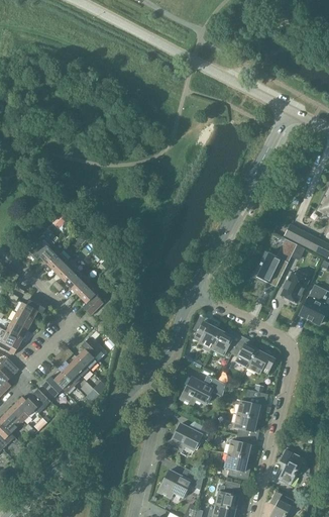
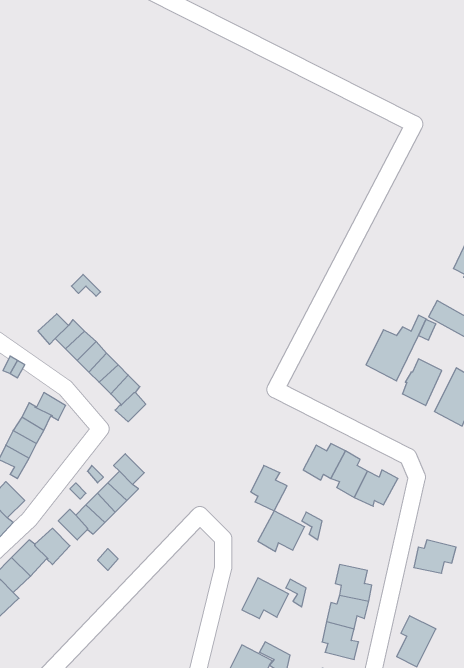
building: [195,317,220,348] -> [251,465,287,511]
building: [236,395,265,418] -> [414,540,456,573]

